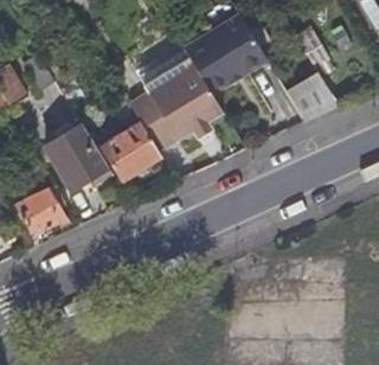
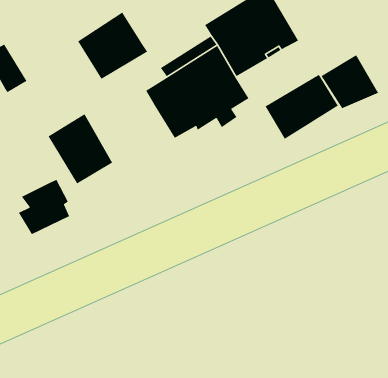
building: none -> [264,74,339,140]
building: [99,120,162,180] -> [77,12,148,80]

